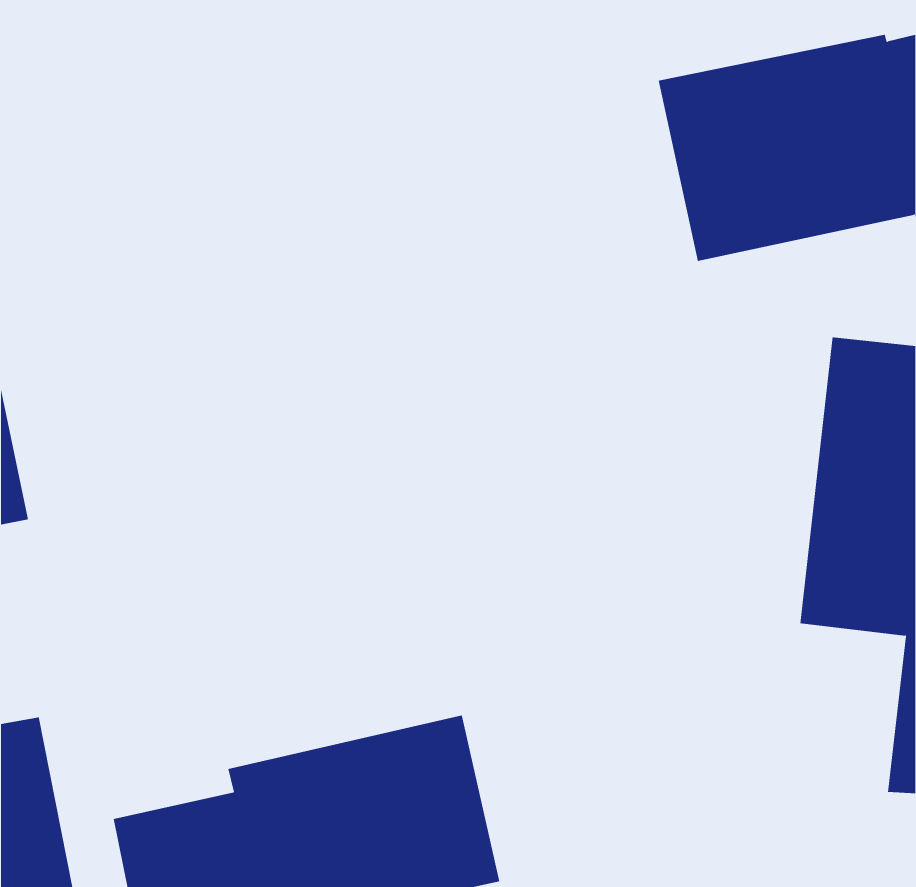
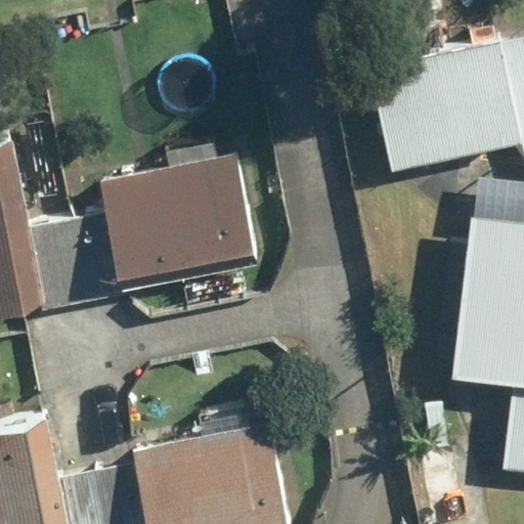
building: none -> [40,159,252,316]

